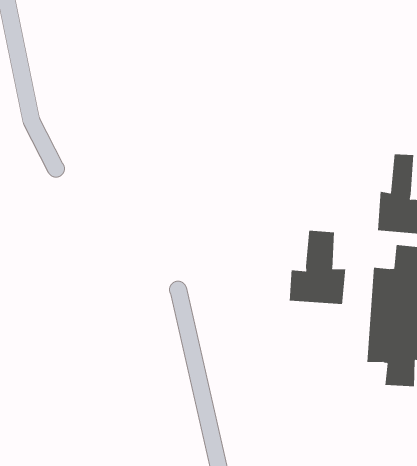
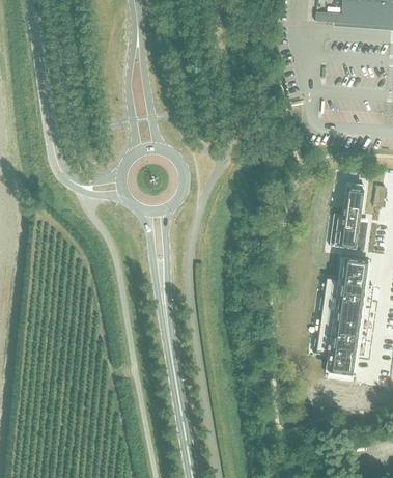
building: [289,230,346,305] -> none

